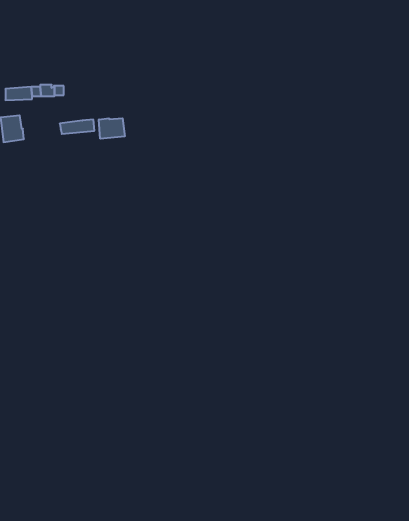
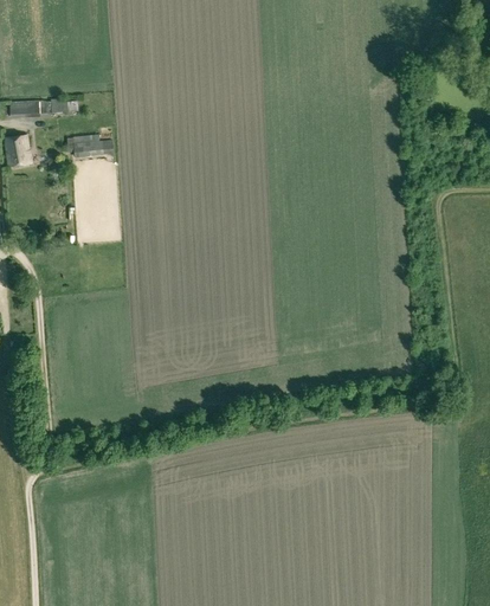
building: [99,118,125,139] -> none

